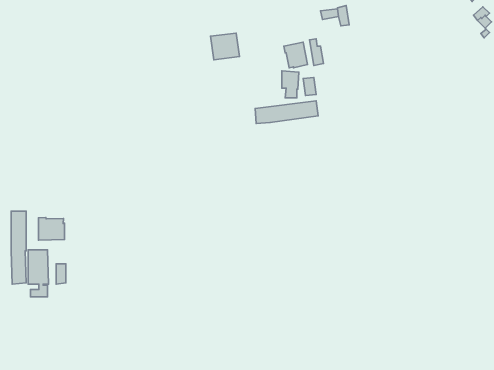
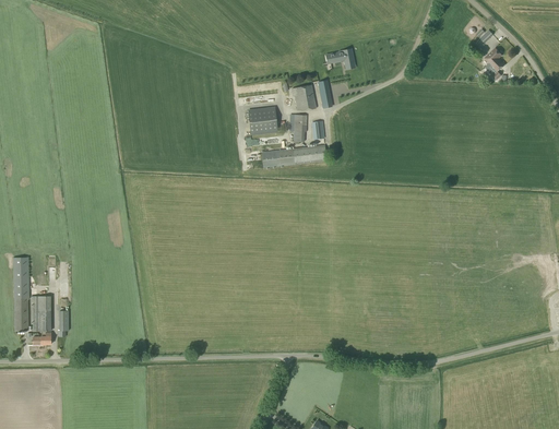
building: [210,33,239,60] -> [248,107,277,134]
building: [38,218,64,240] -> none

